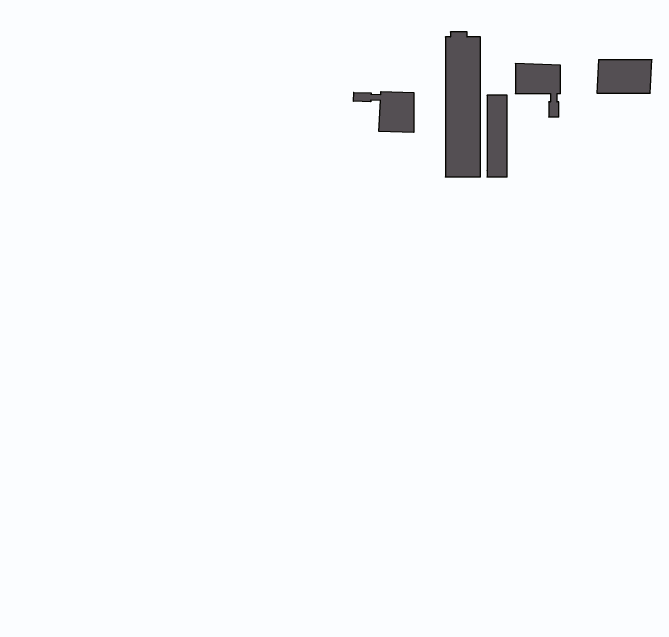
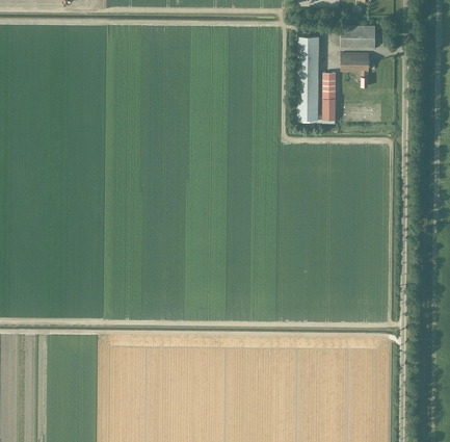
building: [597,60,652,93] -> [341,25,375,46]
building: [353,92,414,132] -> none

